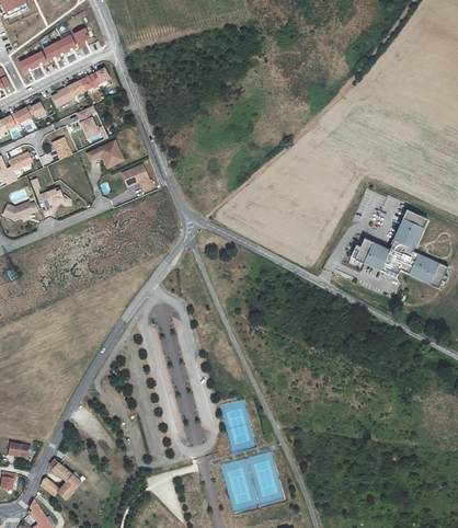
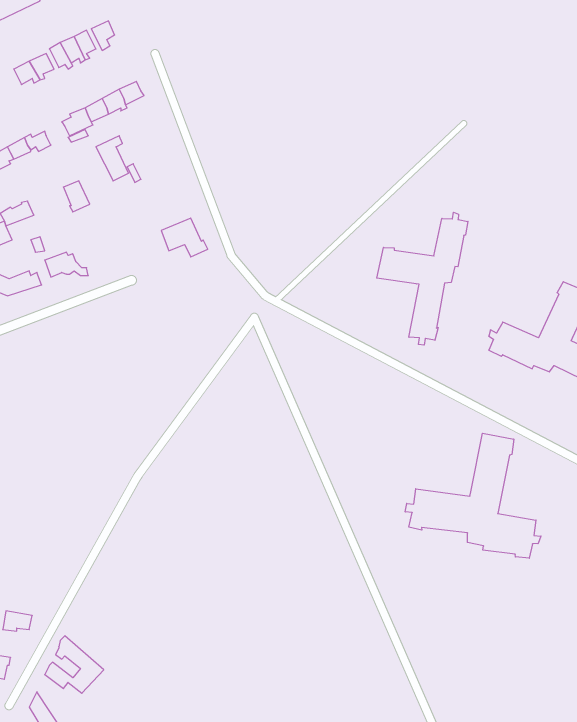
building: [85,140,124,169] -> none
building: none -> [377,212,468,345]
building: none -> [405,433,541,558]

